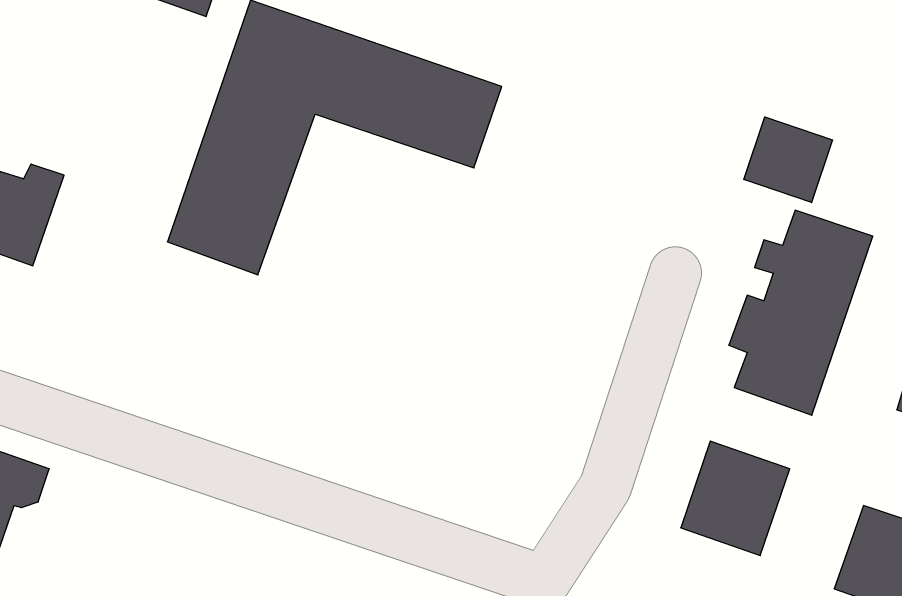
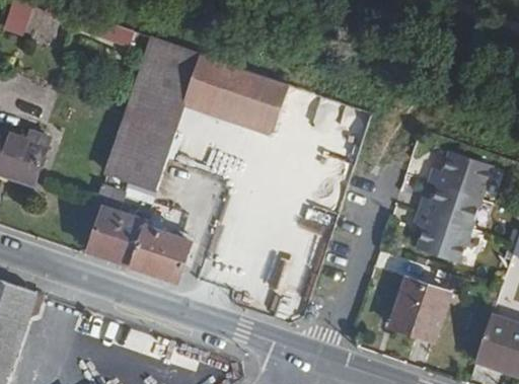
building: [744,117,832,203] -> none
building: none -> [87,183,191,281]

